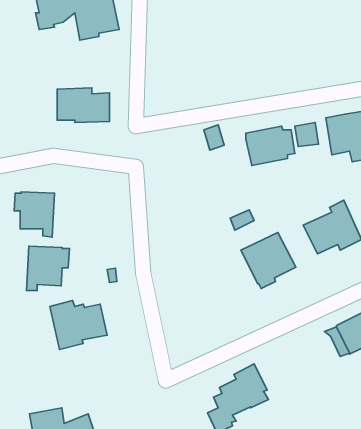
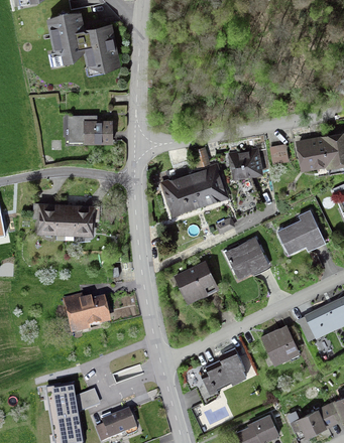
building: none -> [160,163,229,218]
building: [26,246,69,290] -> [65,204,101,242]
building: none -> [168,261,220,305]
building: none -> [260,325,301,366]

